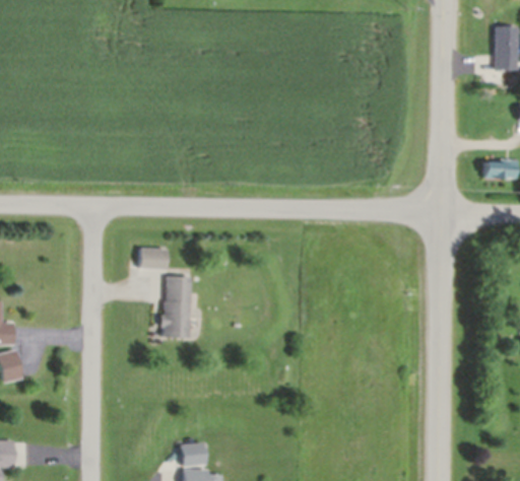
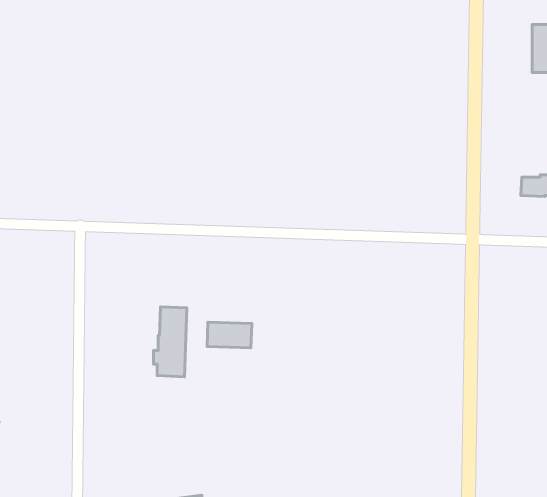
building: [140,248,168,270] -> none
building: none -> [207,322,252,348]

